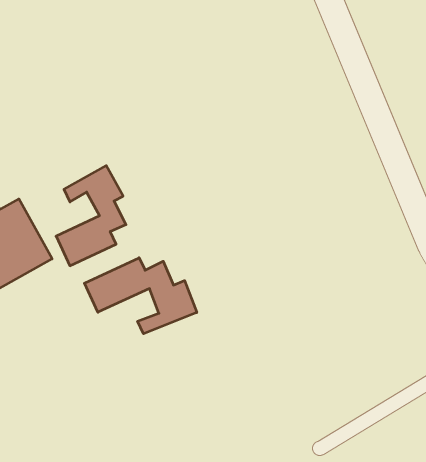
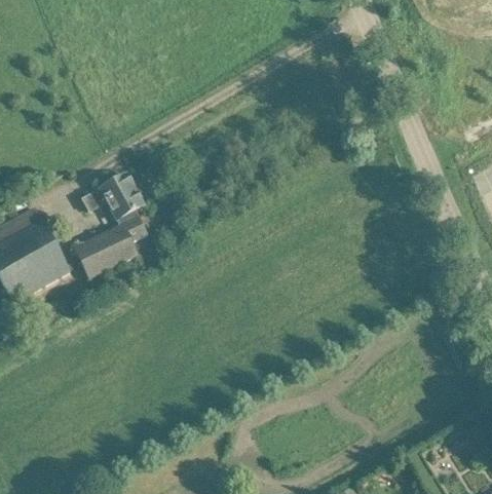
building: [84,258,197,334] -> none

